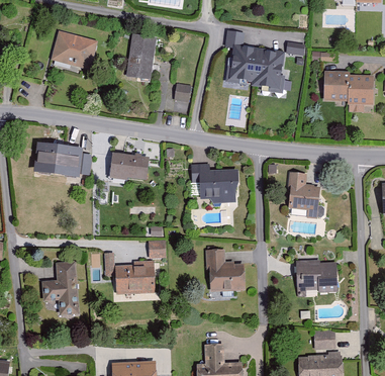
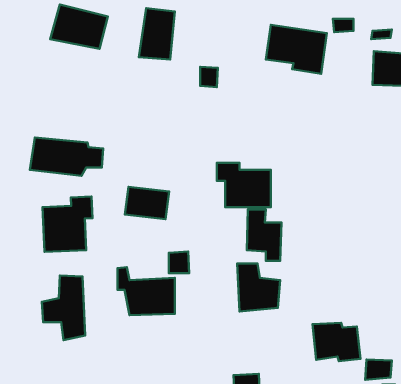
building: [109,153,147,180] -> [125,187,169,219]
building: [290,175,319,218] -> [247,209,281,261]
building: none -> [43,197,92,252]
building: [296,260,336,292] -> [312,323,360,361]

